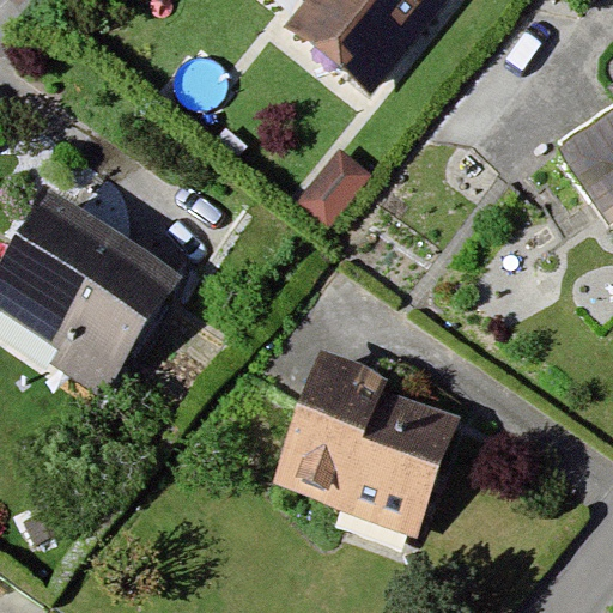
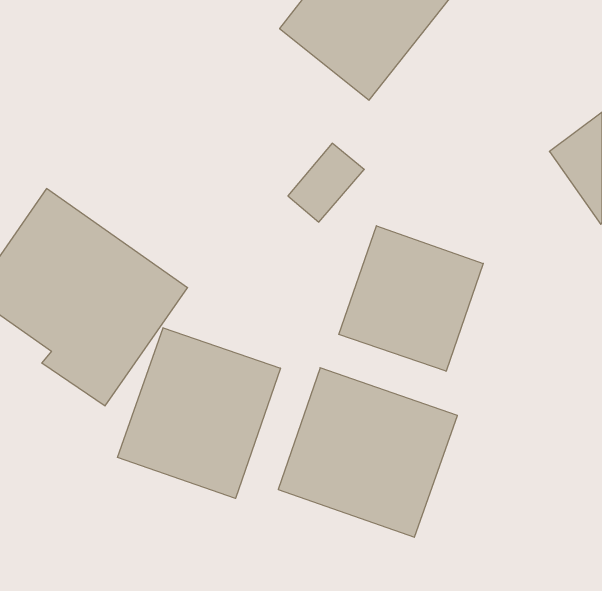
building: none -> [339,226,483,371]
building: none -> [117,328,280,498]

